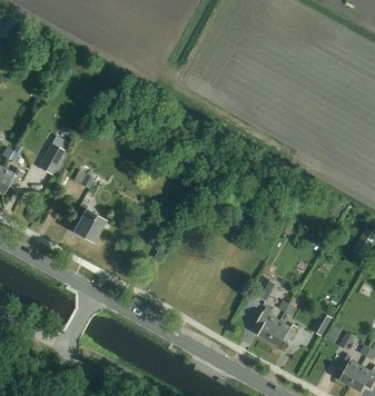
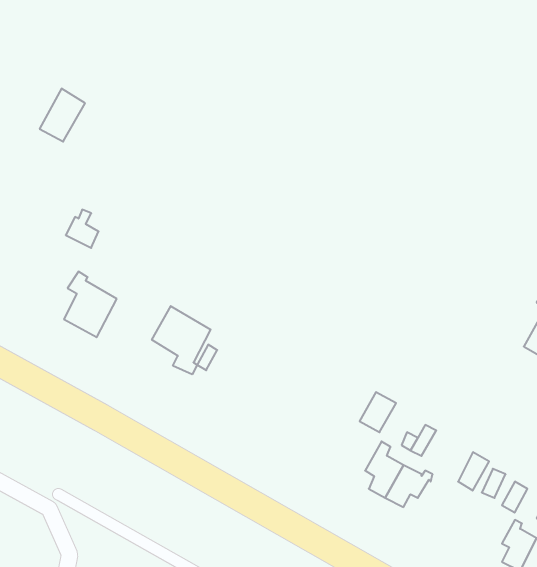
building: [39,142,67,175] -> [40,89,85,142]
building: none -> [152,306,211,374]

